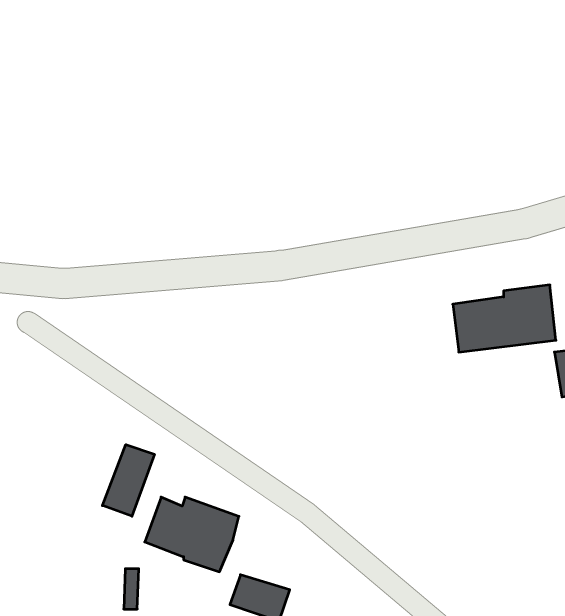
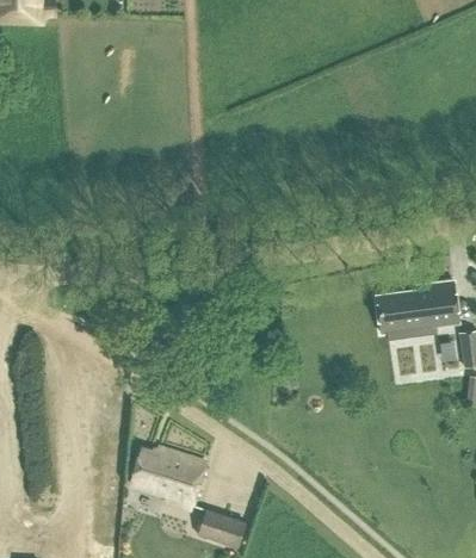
building: [102,445,154,516] -> none

